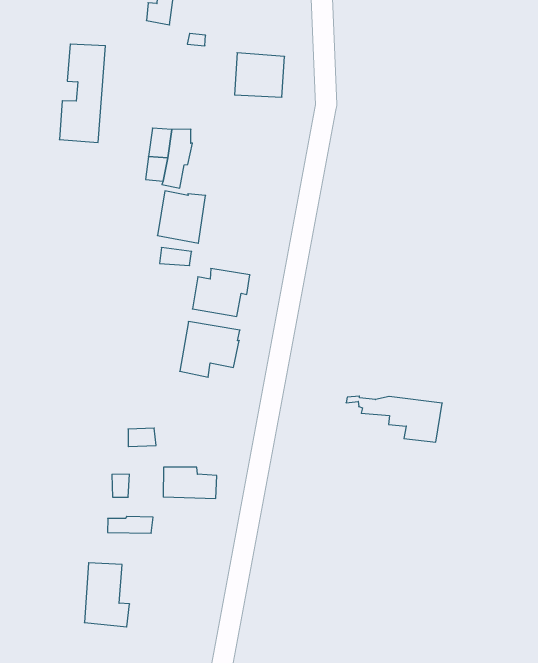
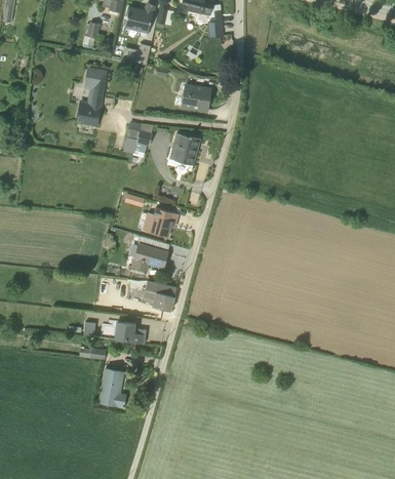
building: [157,191,206,243] -> [169,133,200,166]
building: [346,396,442,442] -> [120,279,176,311]
building: [84,563,130,627] -> [98,368,126,408]

